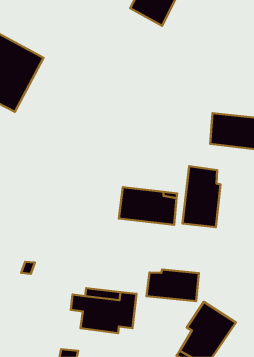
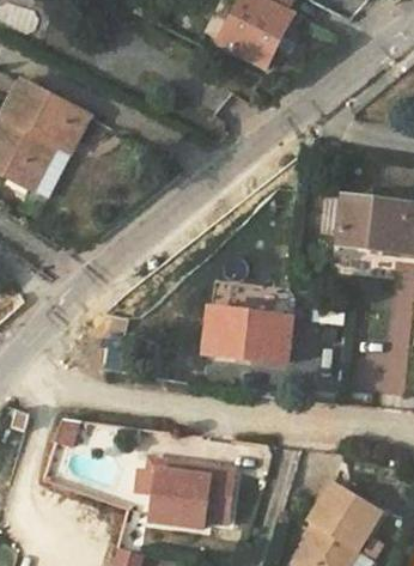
building: [182,166,221,227] -> none
building: [146,269,199,301] -> none

